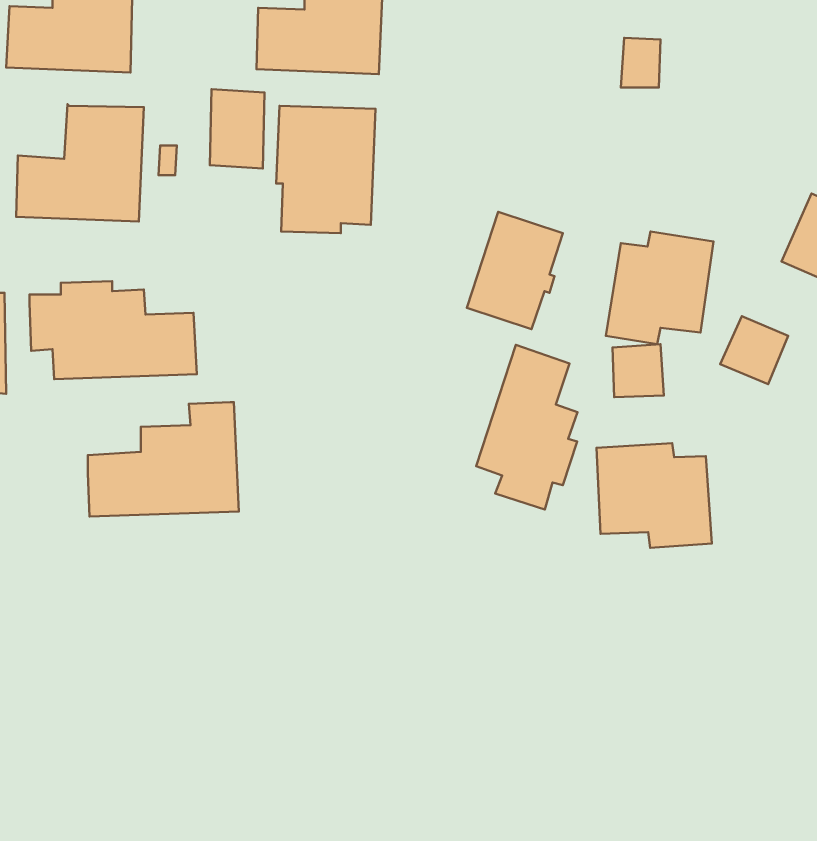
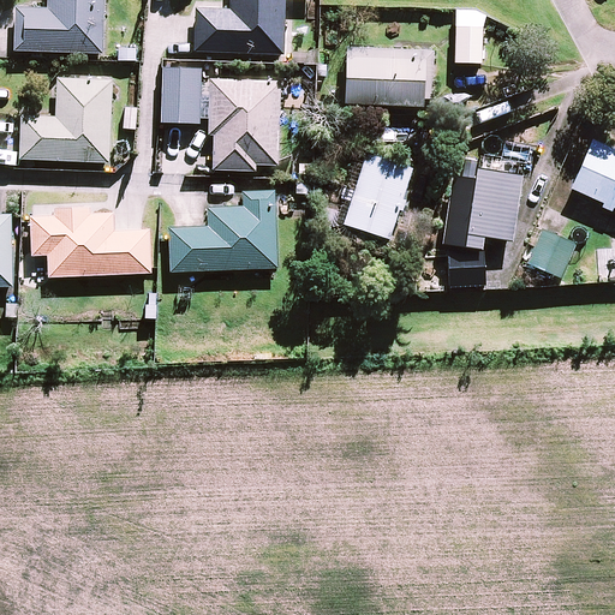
building: none -> [348,49,437,108]
building: [476,345,578,509] -> none
building: [88,402,239,516] -> [167,187,276,270]
building: [596,443,712,548] -> none

